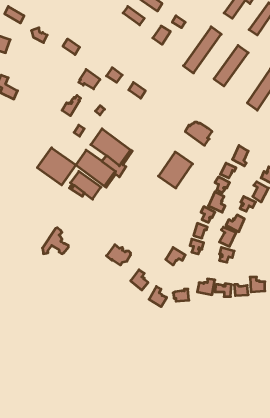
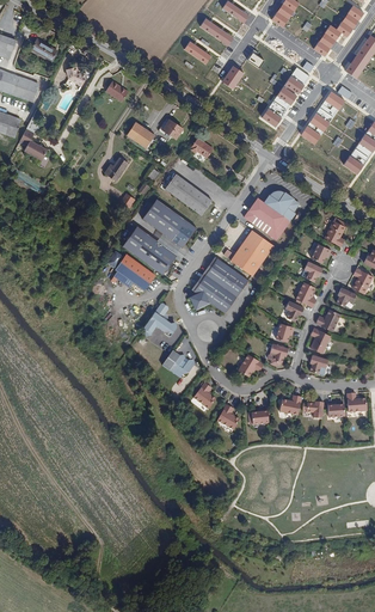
building: none -> [165,175,211,215]
building: none -> [244,198,290,240]
building: [37,148,76,185] -> none
building: none -> [190,257,248,312]
building: [42,228,68,254] -> [145,301,178,335]

